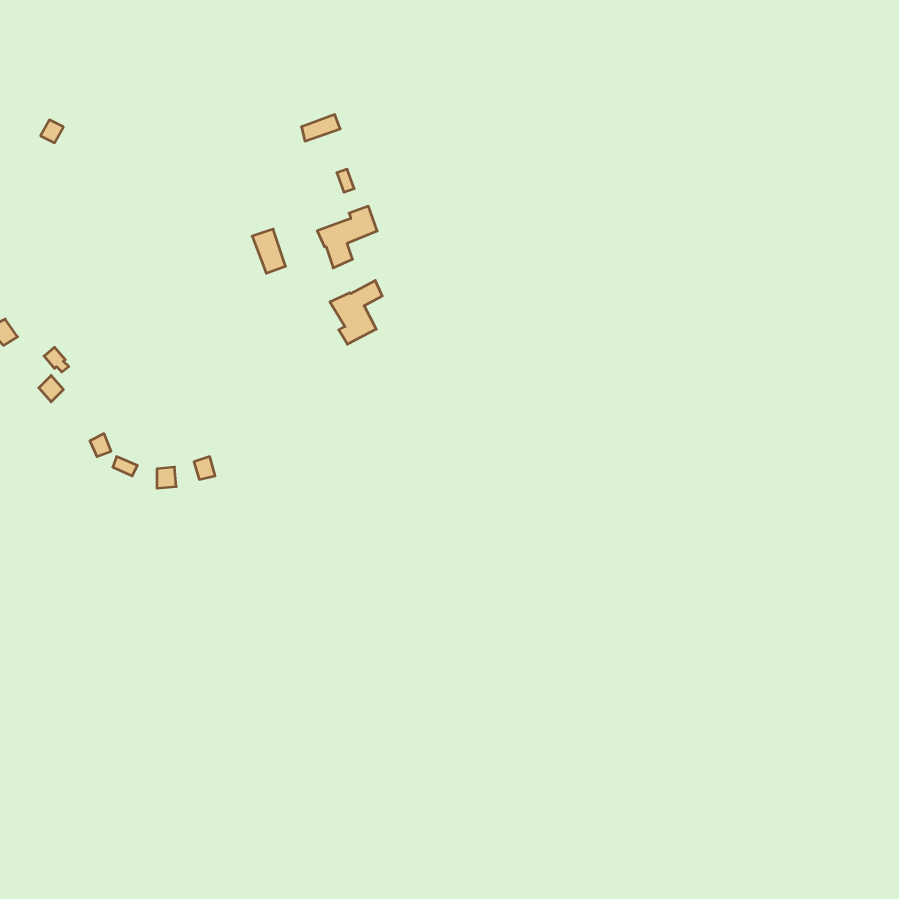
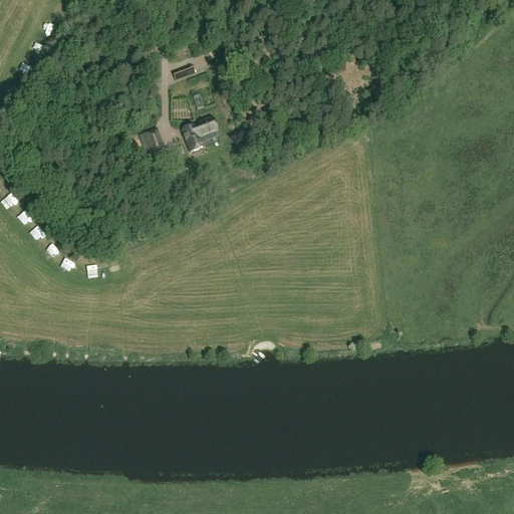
building: [330,280,382,344] -> none

